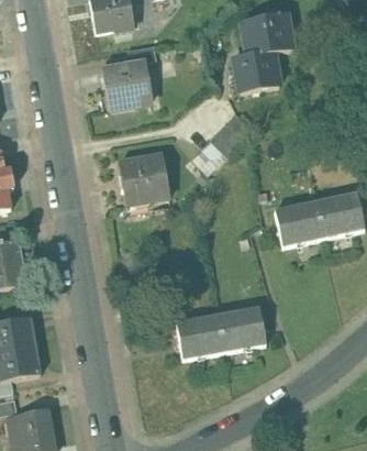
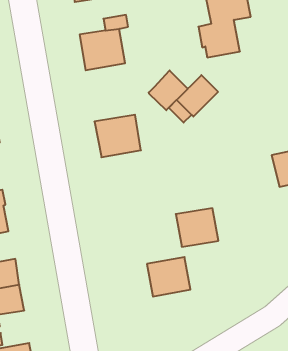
building: none -> [149,70,188,110]
building: [274,201,323,246] -> none
building: [218,308,265,351] -> [176,208,218,247]

